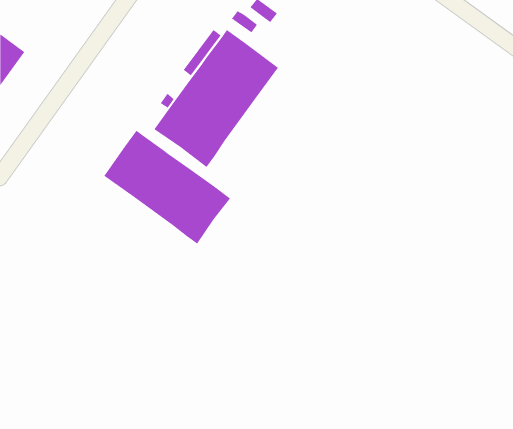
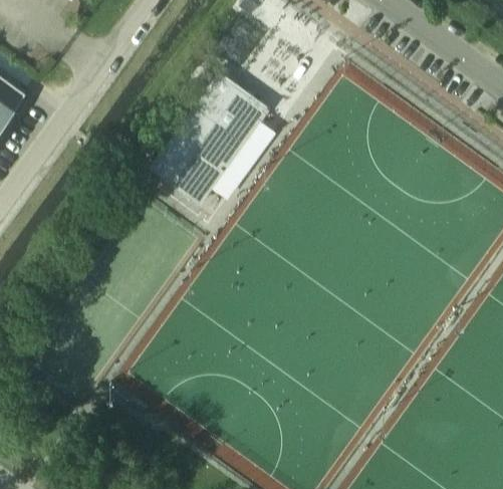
building: [104,130,231,245] -> none

